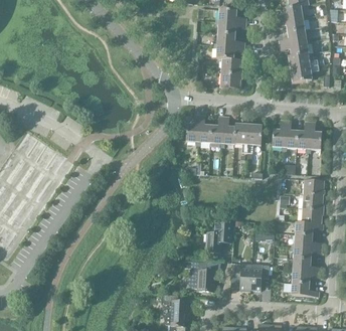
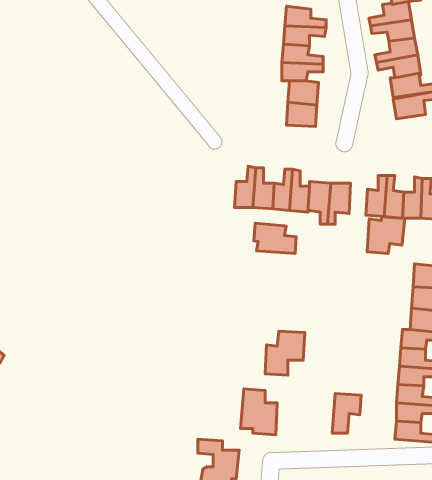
building: none -> [367,217,405,253]
building: none -> [254,223,296,253]
building: [234,263,252,291] -> none

